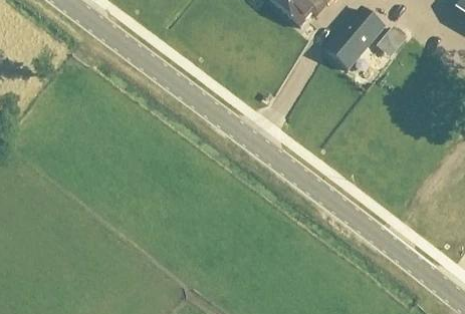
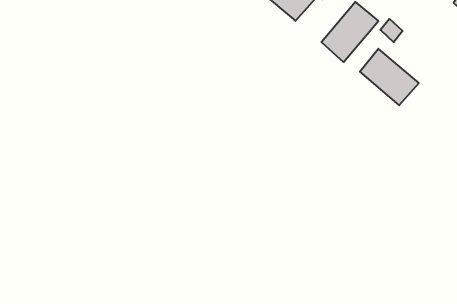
building: none -> [360,49,419,105]

